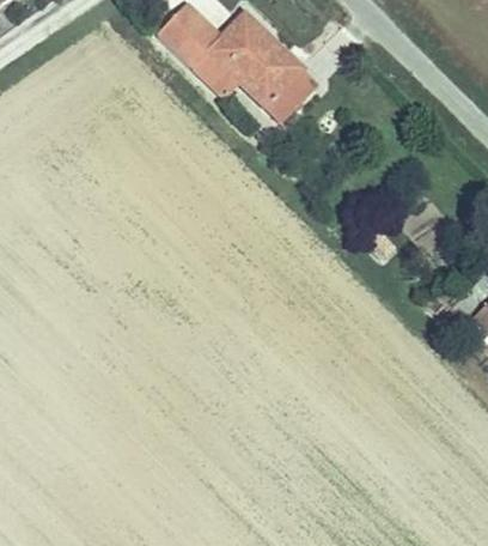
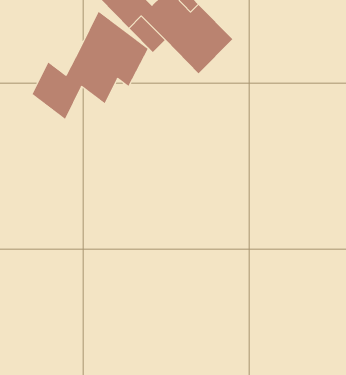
building: none -> [32,11,149,120]

